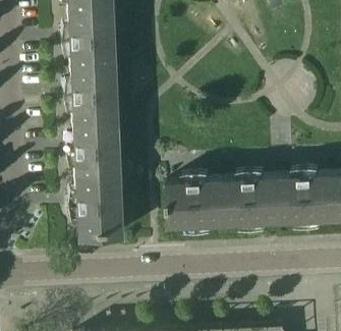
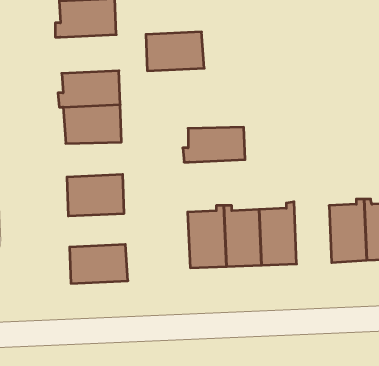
building: [70,43,116,73] -> [146,32,204,71]
building: [70,127,119,155] -> [183,127,245,162]
building: [253,174,283,223] -> none
building: [73,183,121,210] -> none

